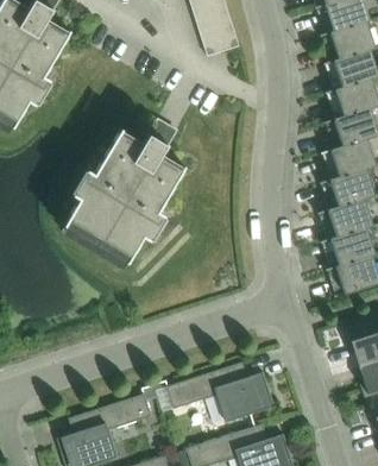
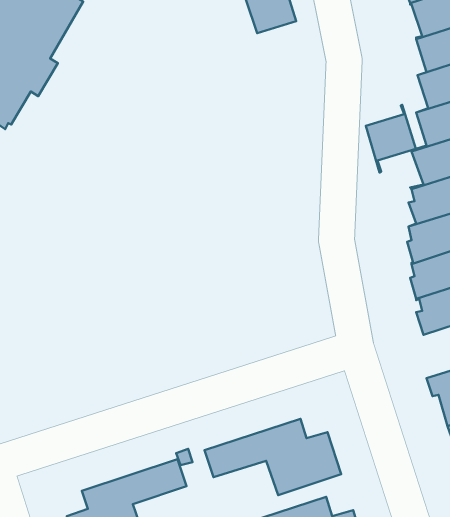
building: none -> [366,105,416,172]
building: [63,121,185,267] -> none

